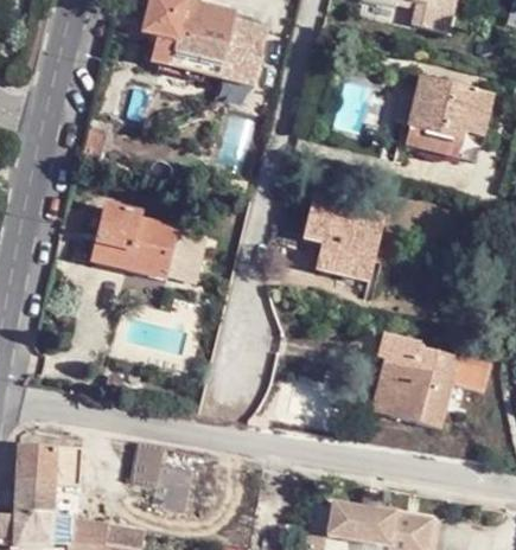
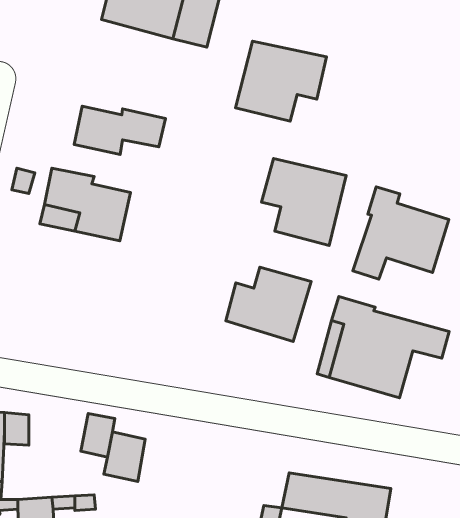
building: [406,78,495,156] -> [236,41,326,121]
building: none -> [74,106,166,154]
building: none -> [353,187,449,279]
building: none -> [226,267,311,341]

